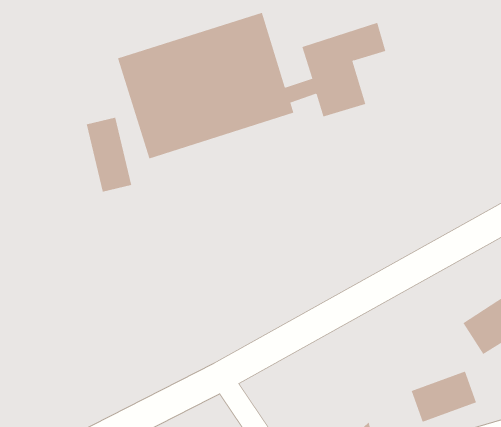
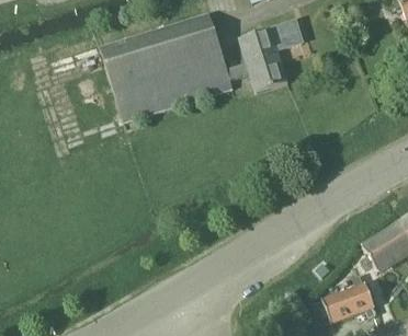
building: [86,117,132,193] -> none

